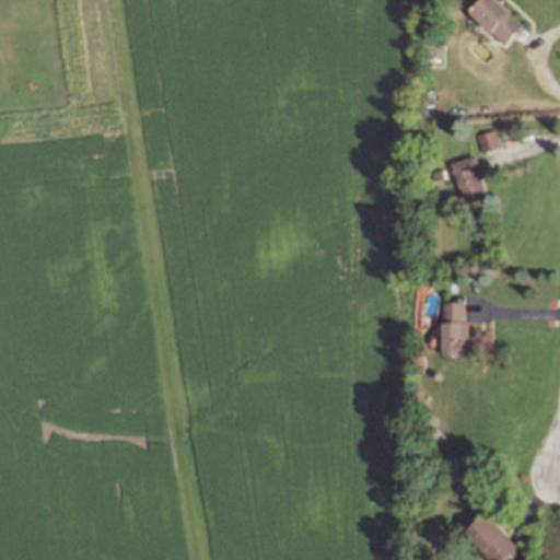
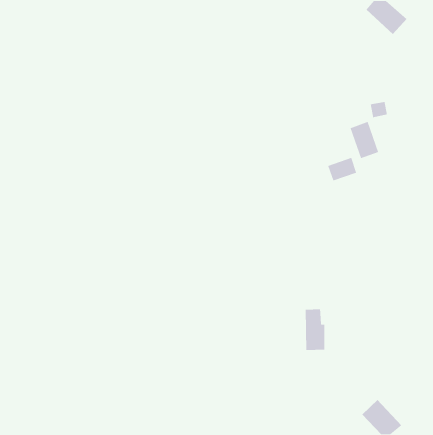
building: none -> [327,157,357,182]
building: [441,301,467,355] -> [305,308,325,351]

